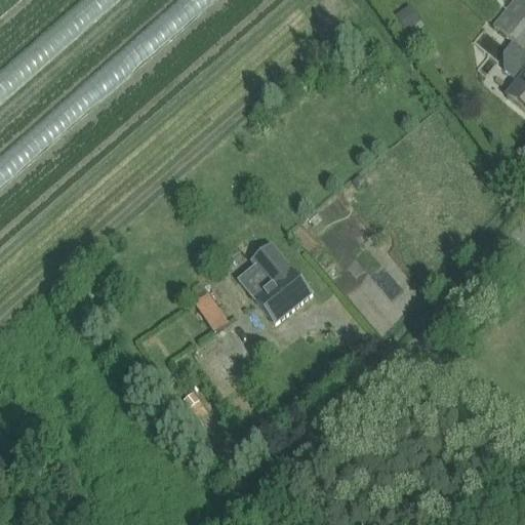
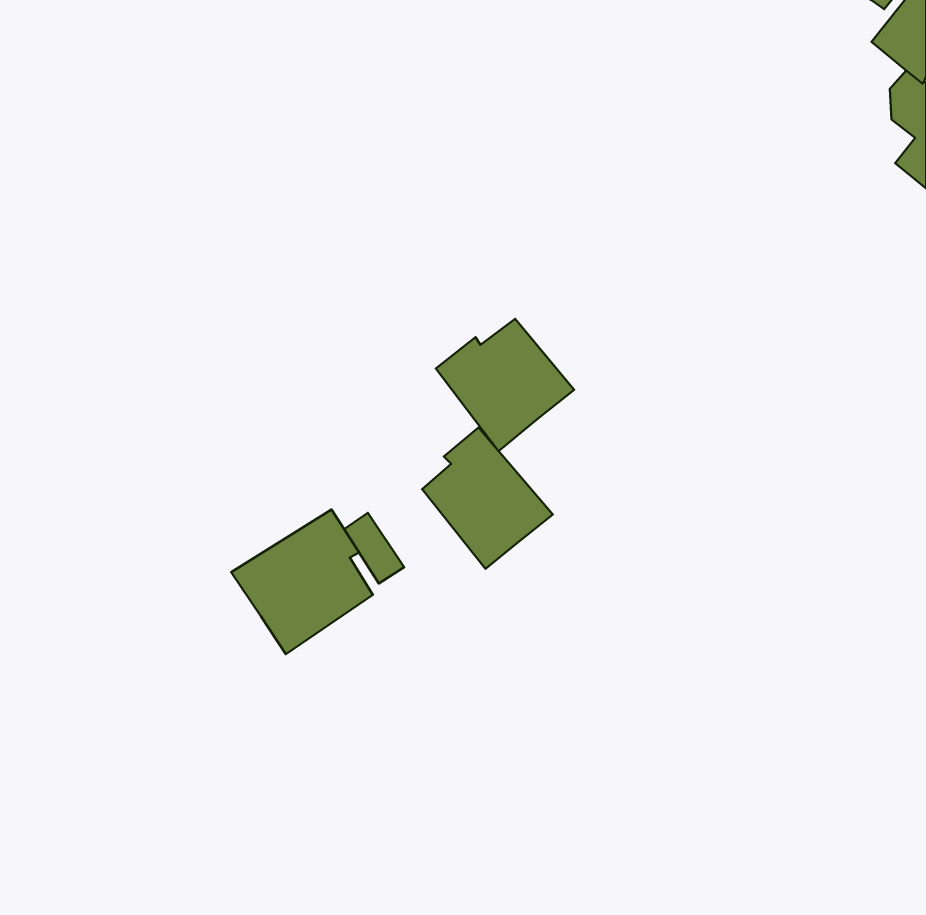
building: none -> [436,319,574,451]
building: none -> [231,509,373,654]

